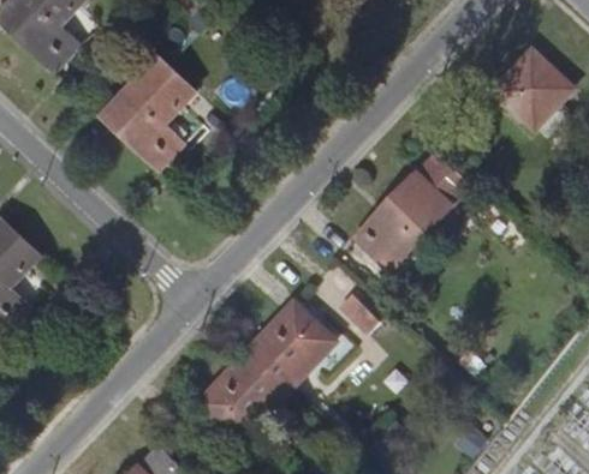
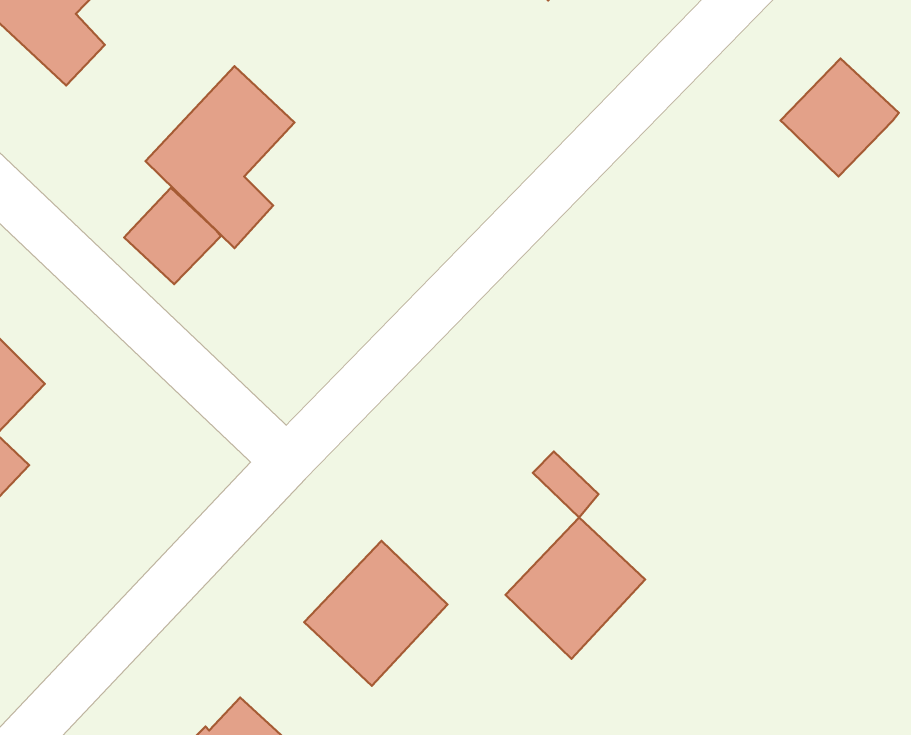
building: none -> [124,188,221,284]
building: [356,155,466,265] -> none
building: [248,301,334,389] -> [506,517,645,659]

